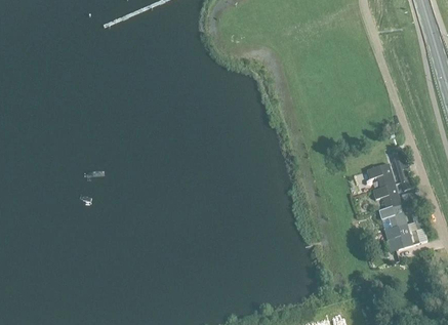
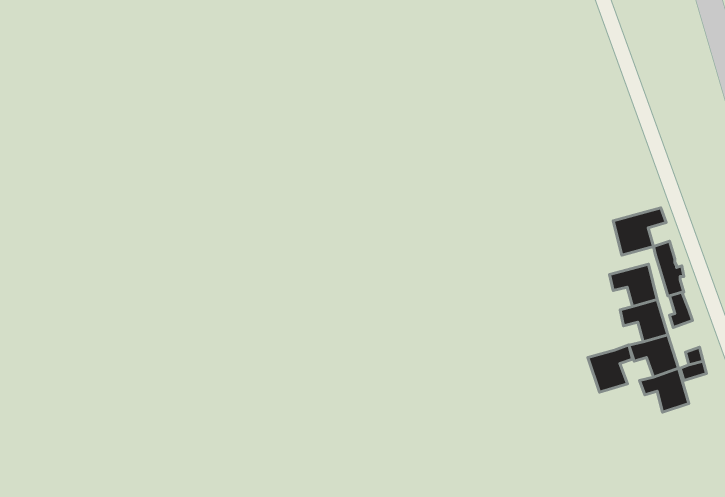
building: none -> [613,208,666,255]
building: none -> [588,345,632,392]

